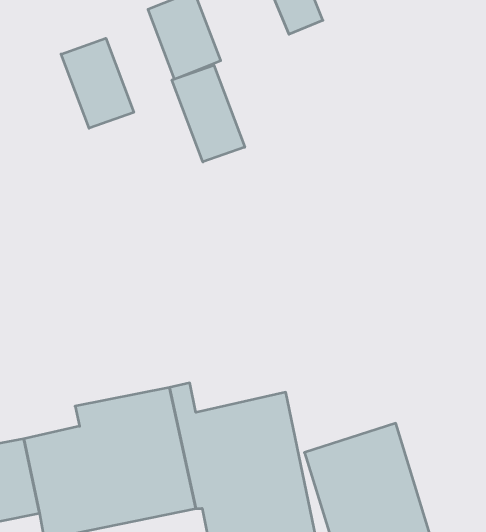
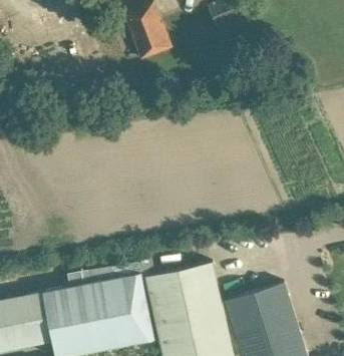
building: [61,38,134,128] -> none
building: [172,65,245,162] -> none

